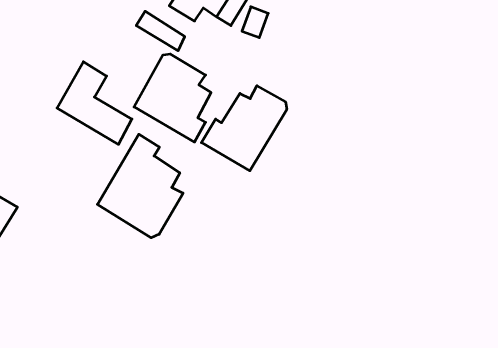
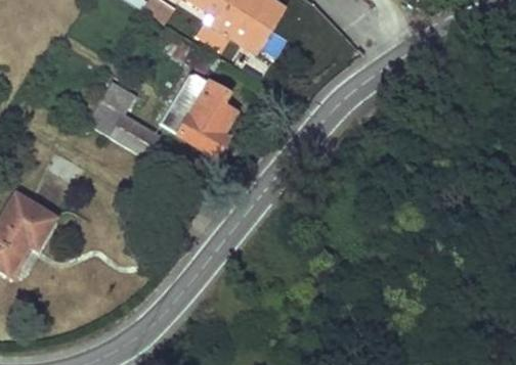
building: [201,86,287,171] -> none
building: [97,134,183,238] -> none

